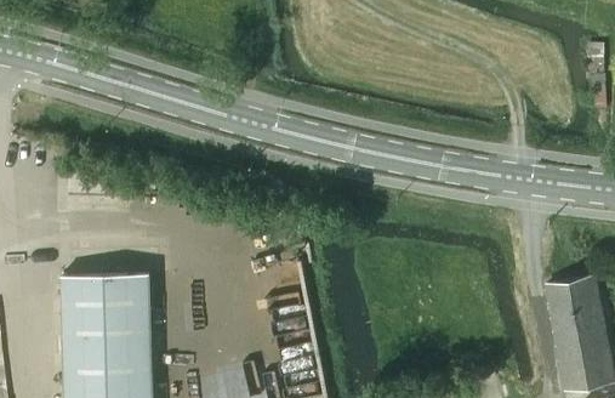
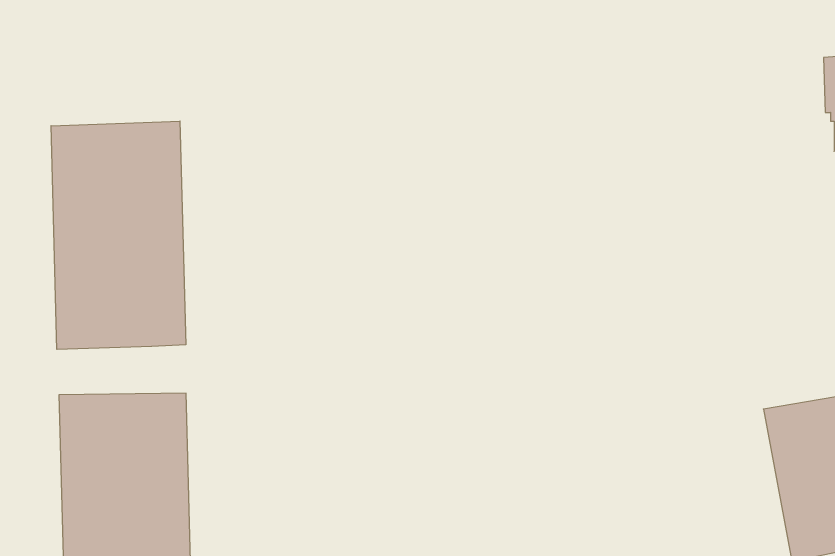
building: none -> [51,121,186,349]

